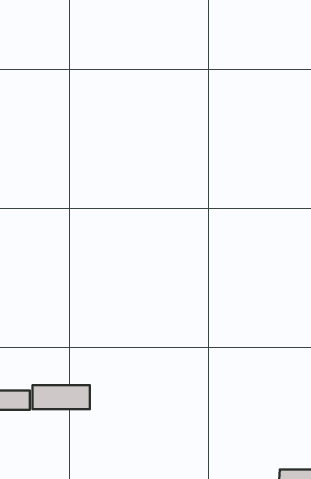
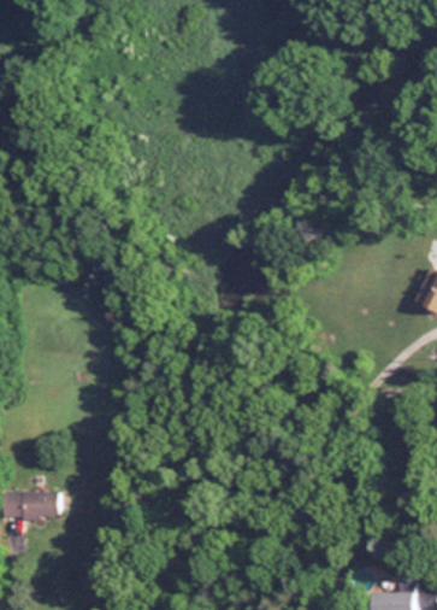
building: [33,385,90,409] -> none

